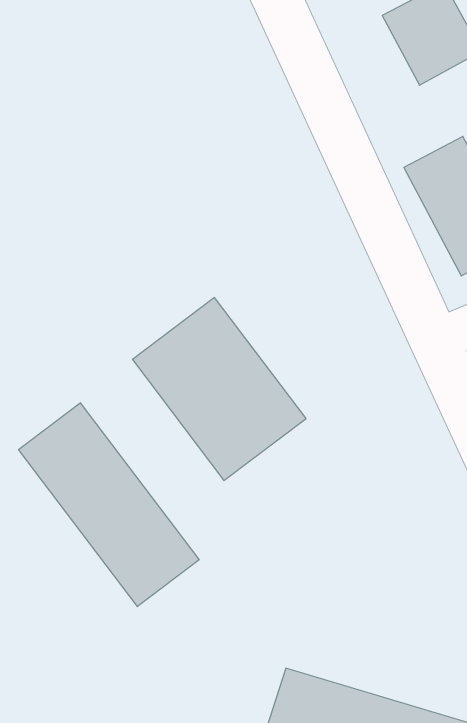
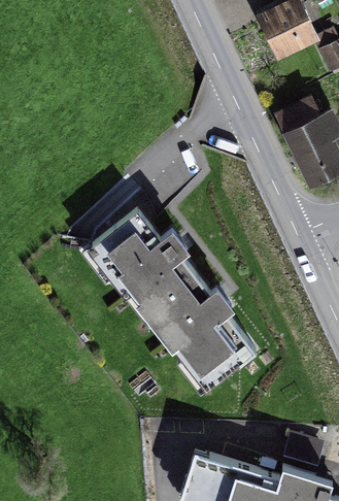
building: [19,403,199,607] -> none
building: none -> [155,287,260,395]

